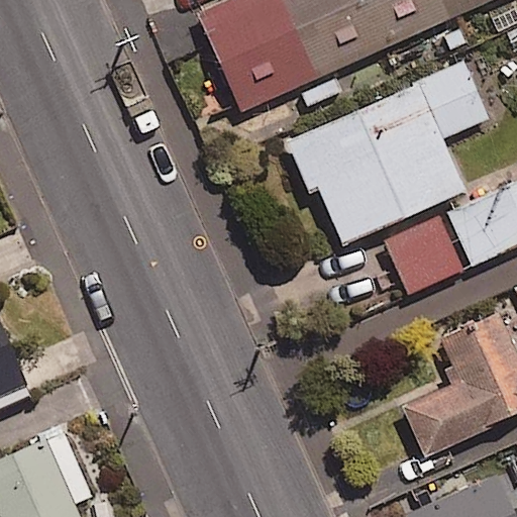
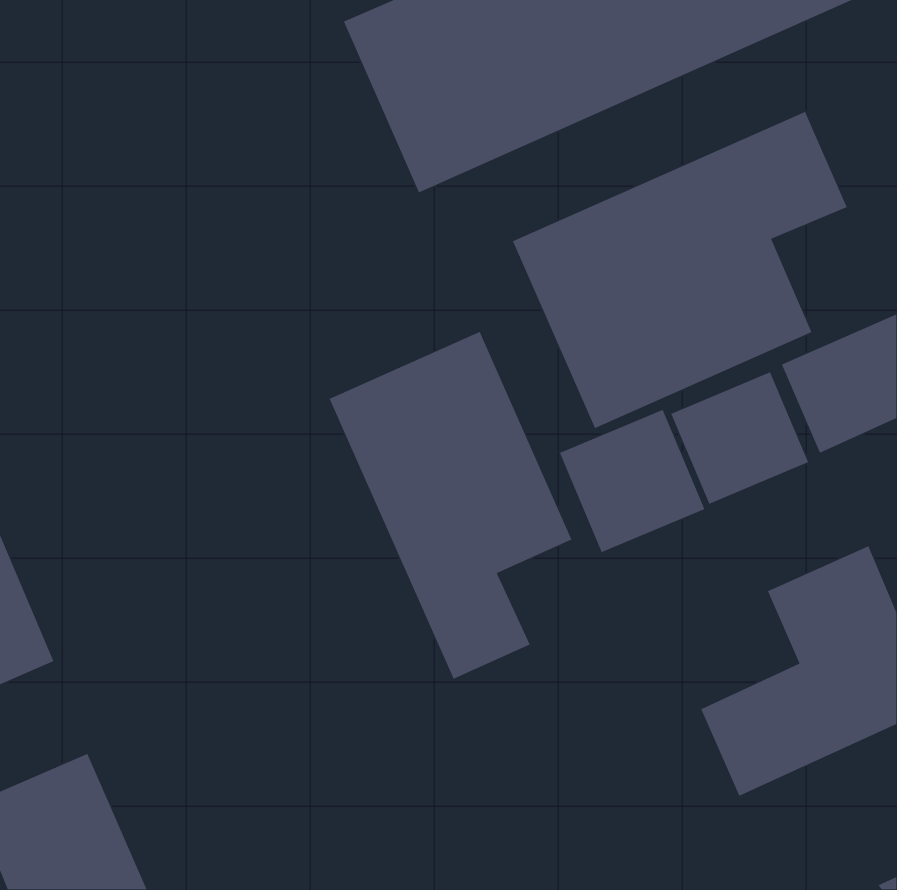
building: none -> [329,331,573,680]
building: none -> [559,409,705,553]

